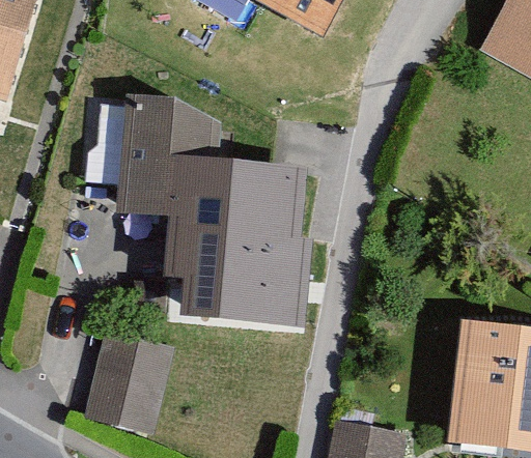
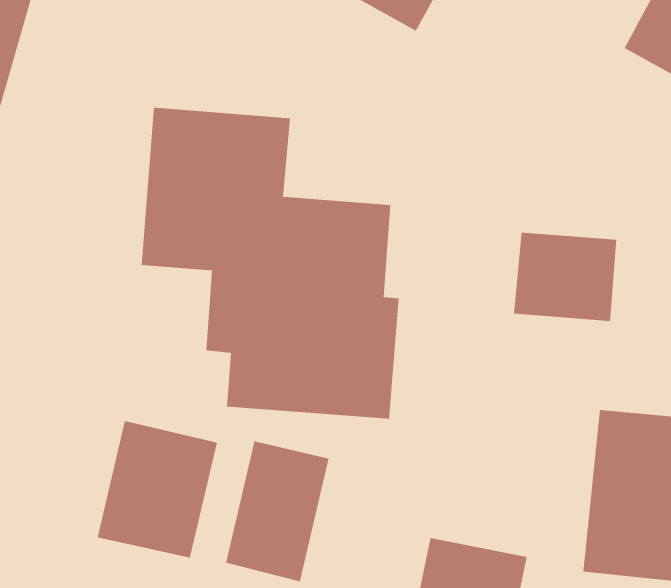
building: none -> [514,232,617,322]
building: none -> [226,441,329,582]

